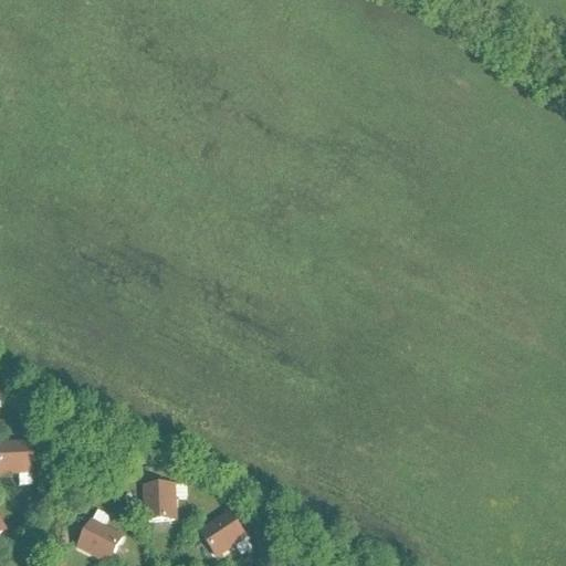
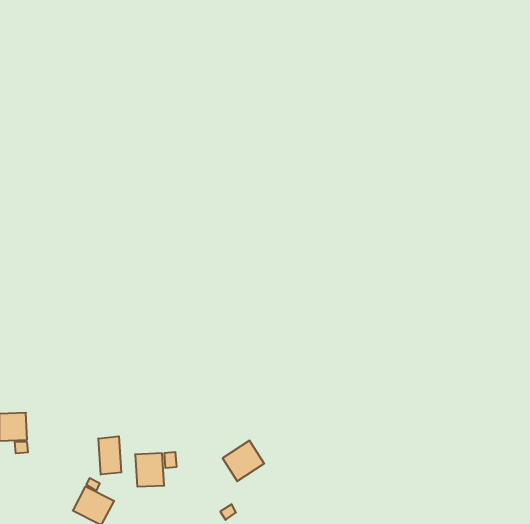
building: none -> [98,436,121,475]
building: [200,510,244,553] -> [223,441,264,481]

